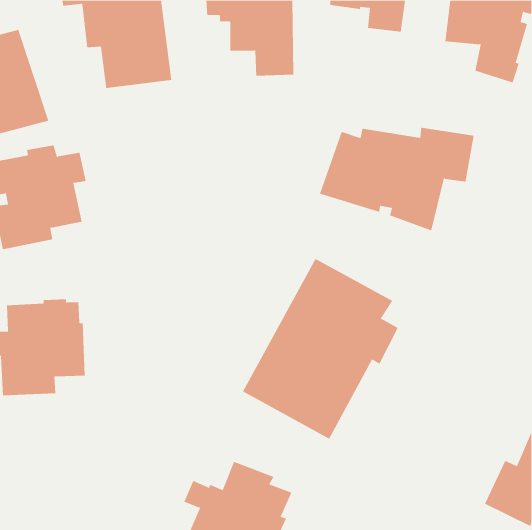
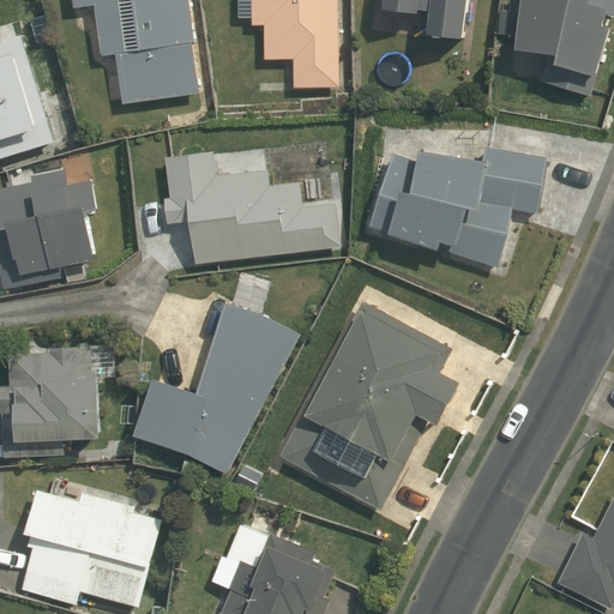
building: none -> [162,151,339,264]
building: none -> [132,301,300,475]
building: none -> [22,487,163,607]

